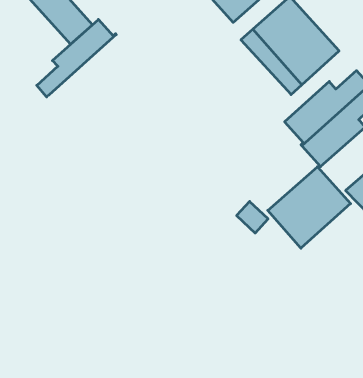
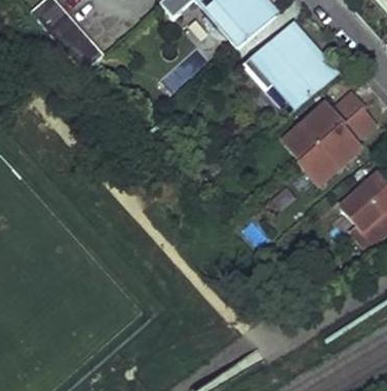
building: [37,19,116,97] -> none
building: [268,167,351,248] -> none

